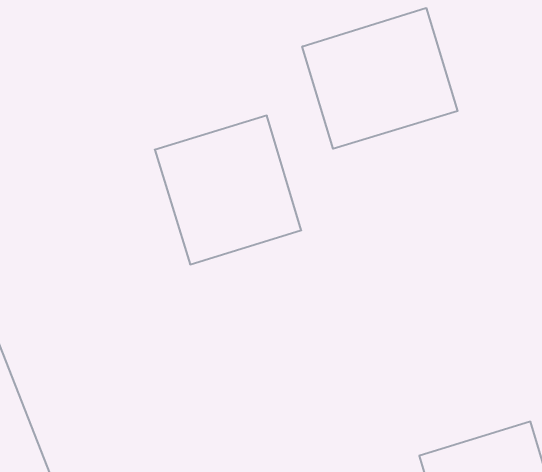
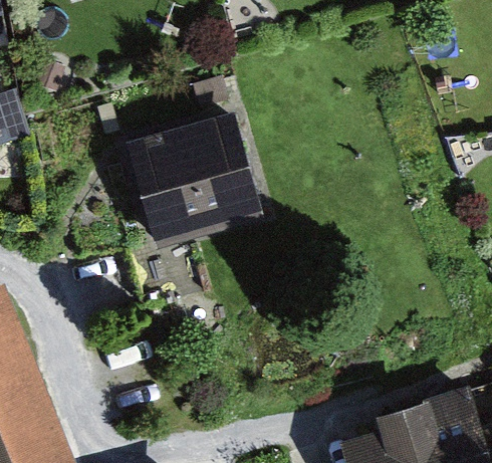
building: [302,8,458,149] -> none

